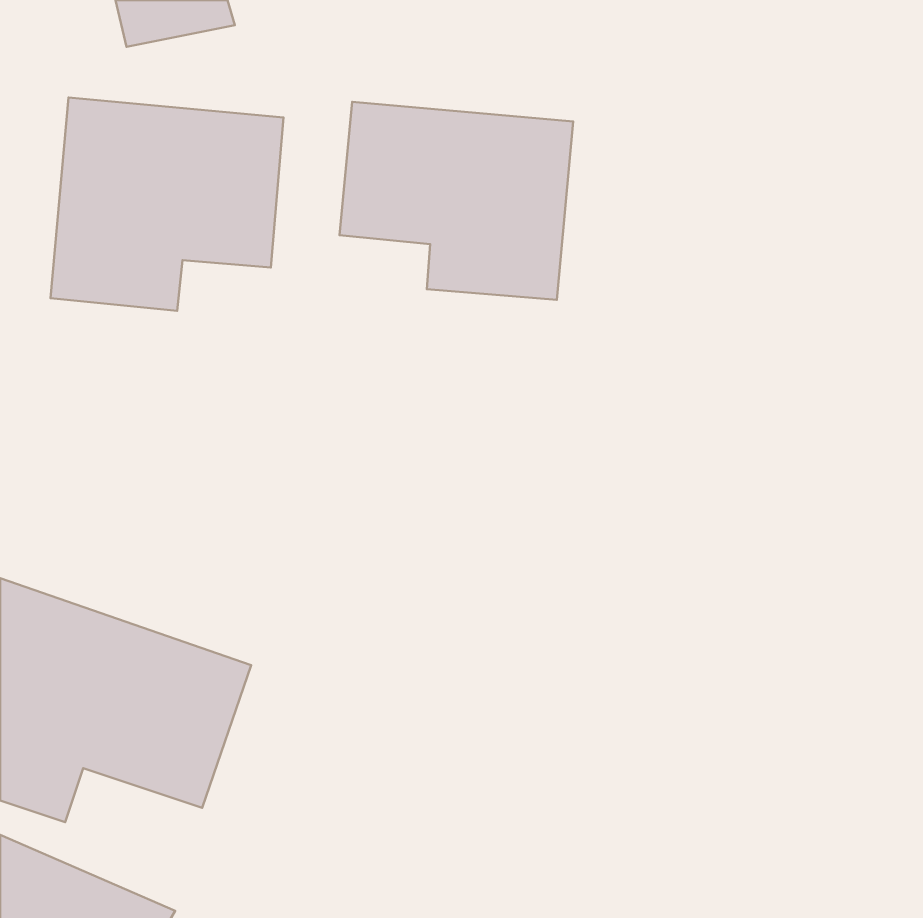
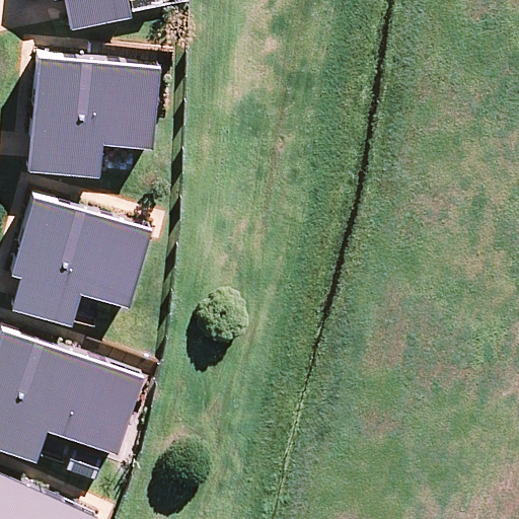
building: [339,102,573,300] -> none
building: none -> [10,195,150,324]

